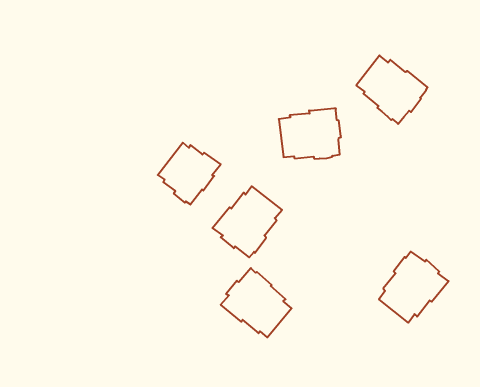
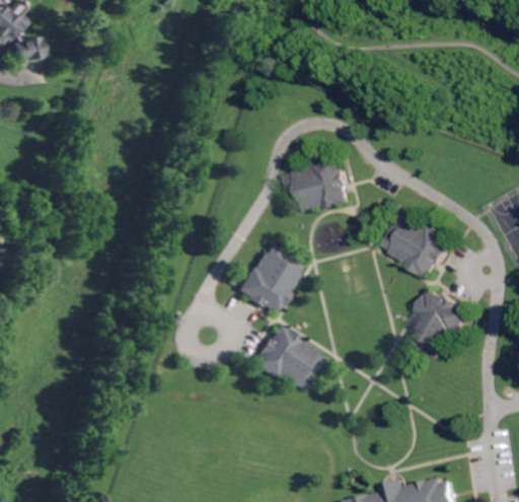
building: [356,55,428,124] -> [384,213,454,278]
building: [158,143,221,205] -> none

